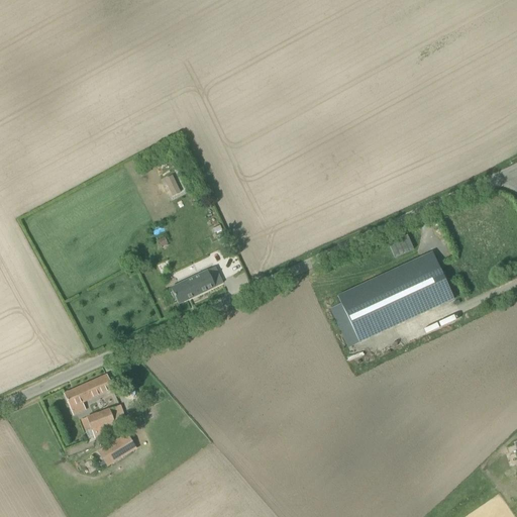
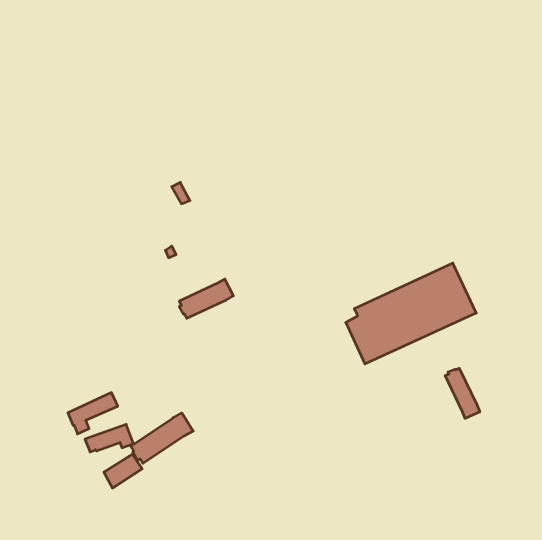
building: none -> [445,368,480,418]
building: none -> [131,413,193,463]

